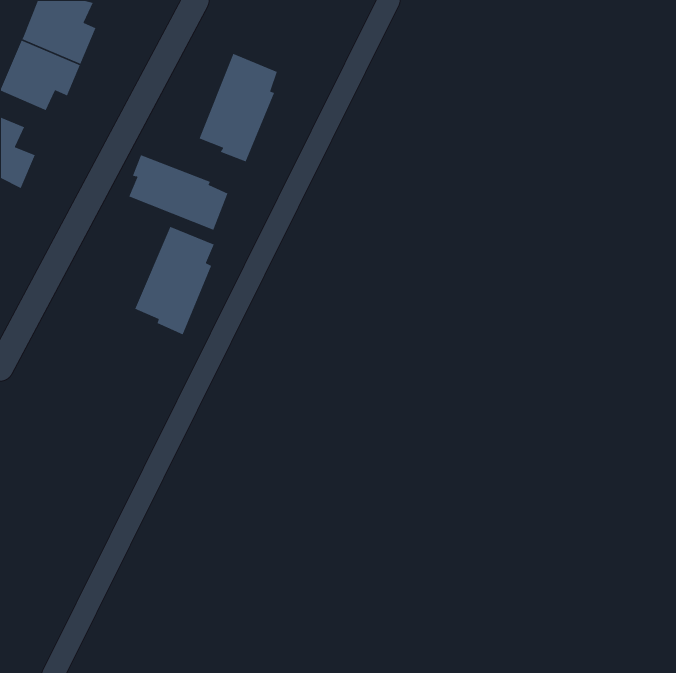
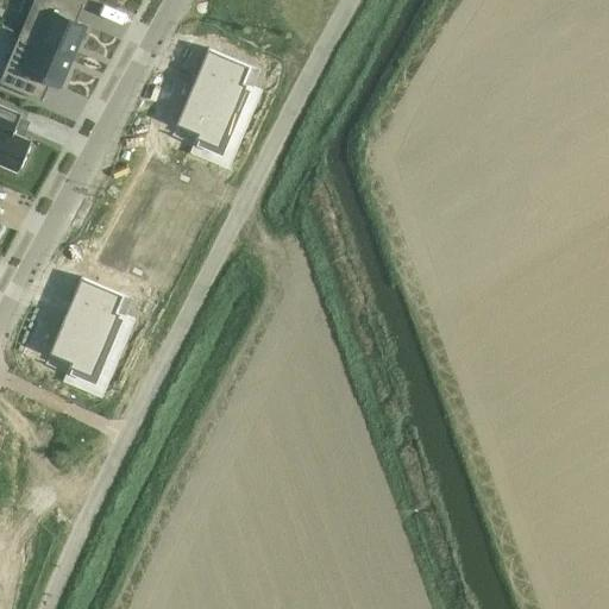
building: [128,154,228,231] -> none
building: [134,226,215,335] -> [50,280,123,378]

